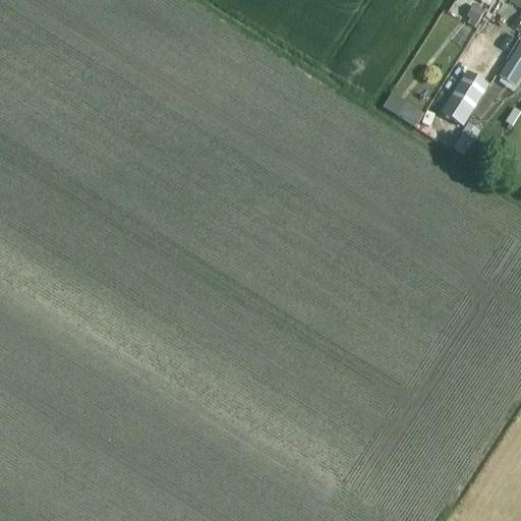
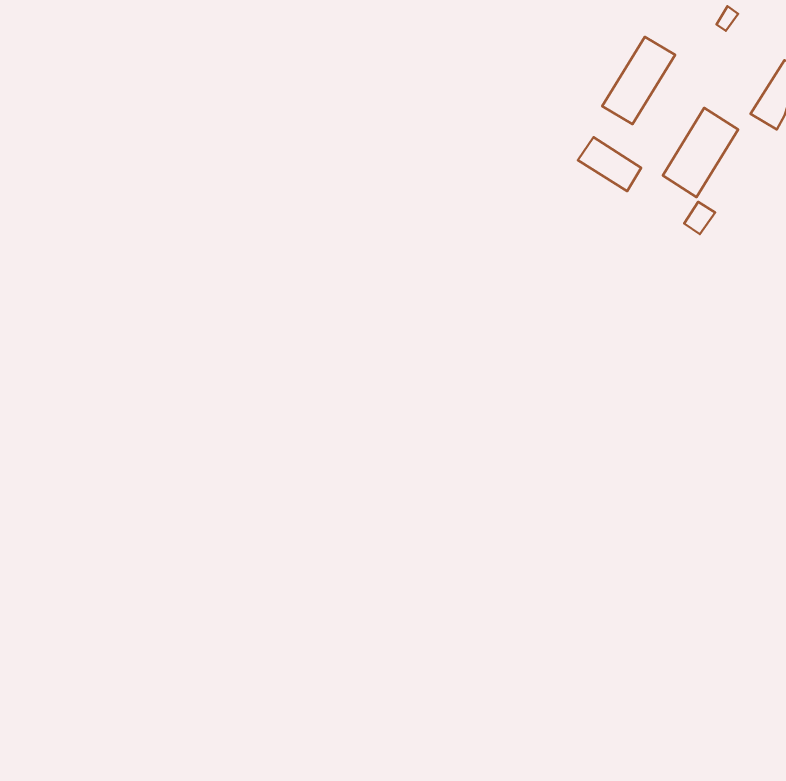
building: none -> [602,37,675,124]

